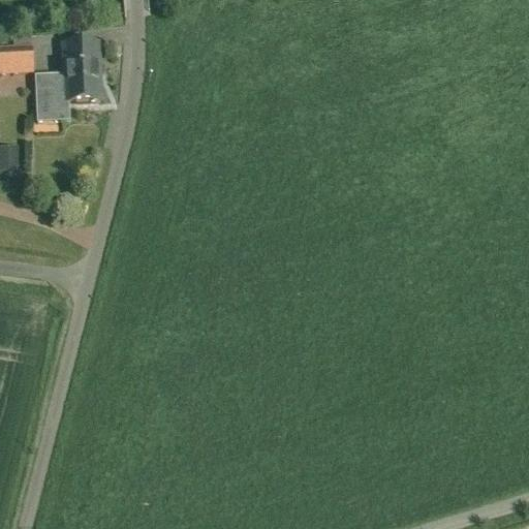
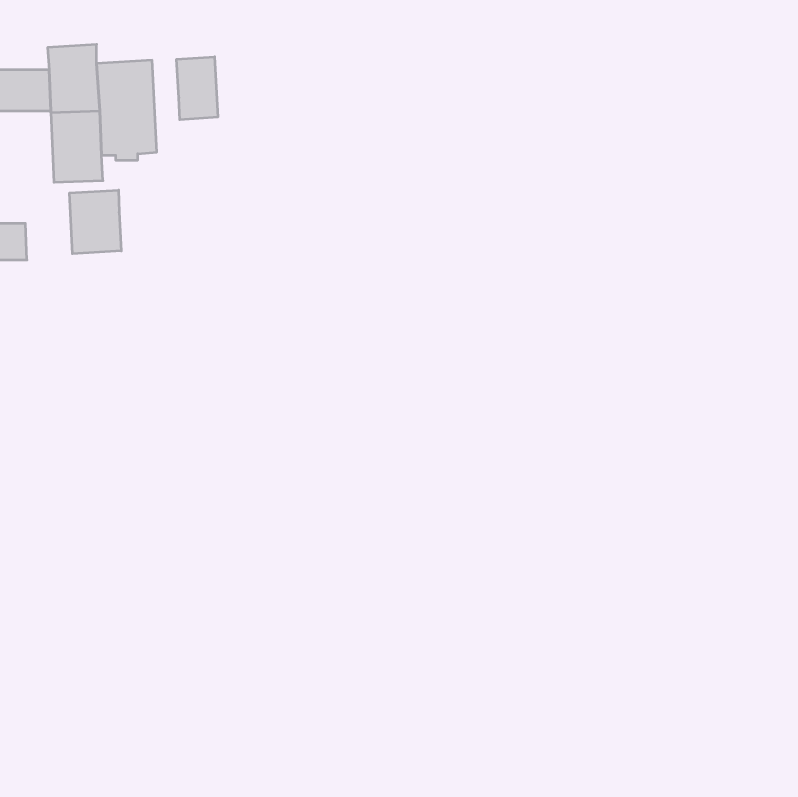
building: none -> [177,57,218,120]
building: none -> [70,190,121,254]

